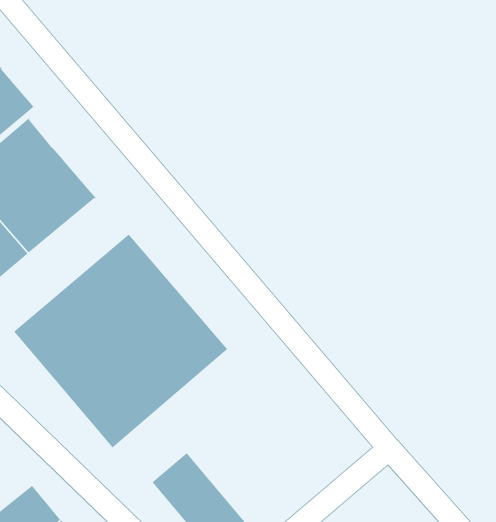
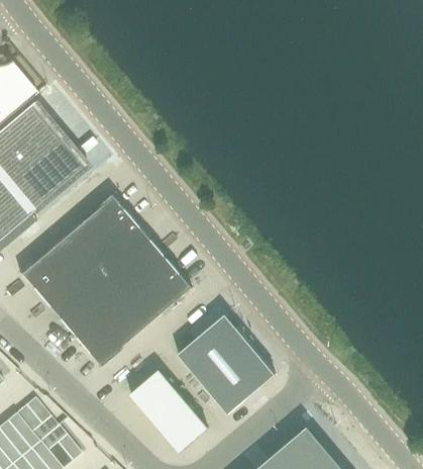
building: none -> [177,315,275,415]

